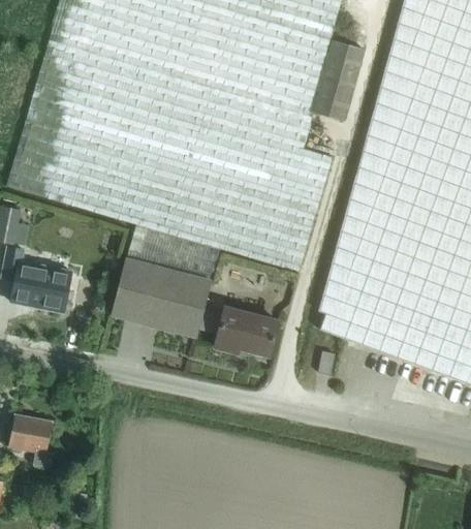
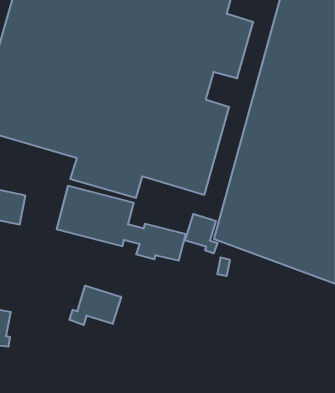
building: none -> [185,214,217,253]
building: none -> [69,286,121,325]

